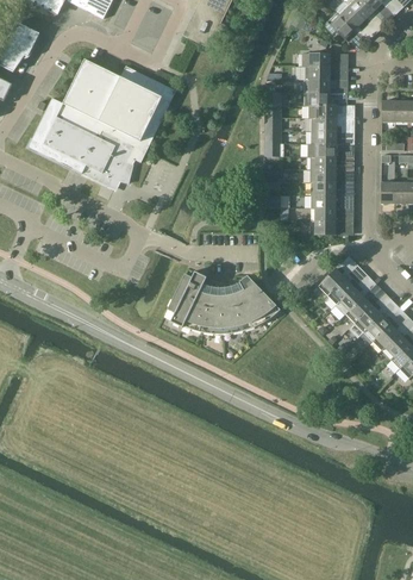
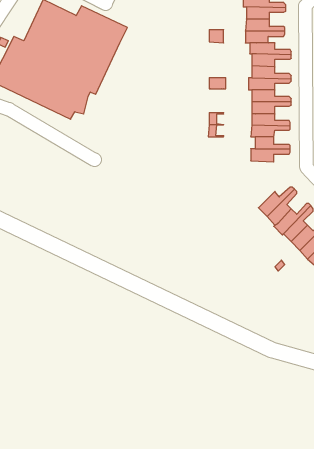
building: [167,270,281,333] -> none

